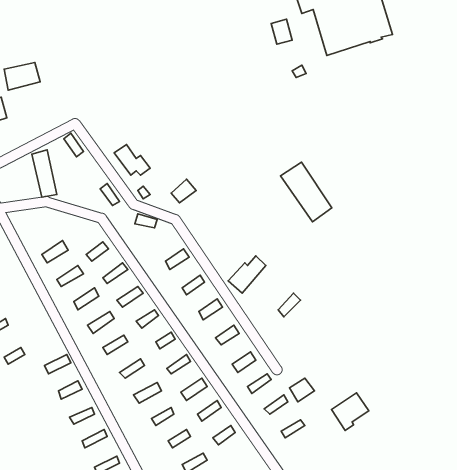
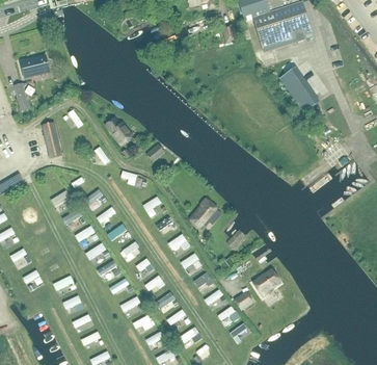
building: [281,162,332,222] -> [279,67,318,111]
building: [331,393,369,430] -> [253,269,281,297]

